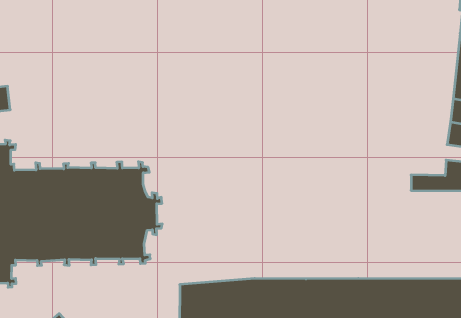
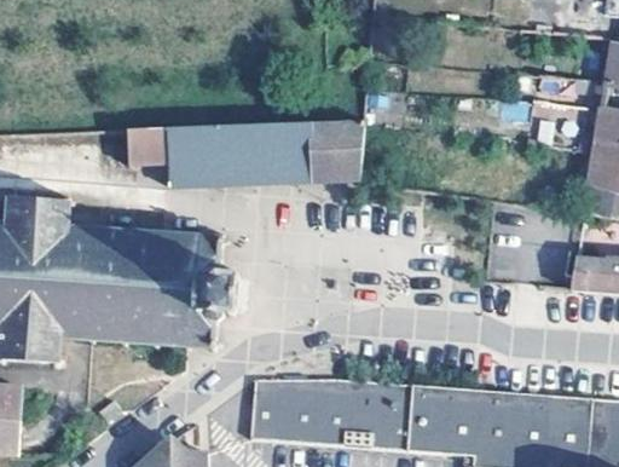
building: none -> [127,120,365,188]

